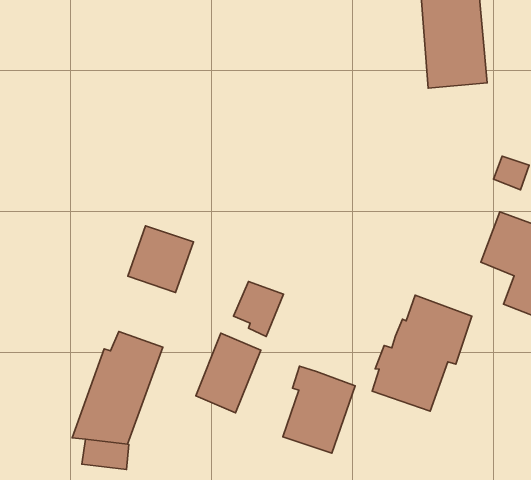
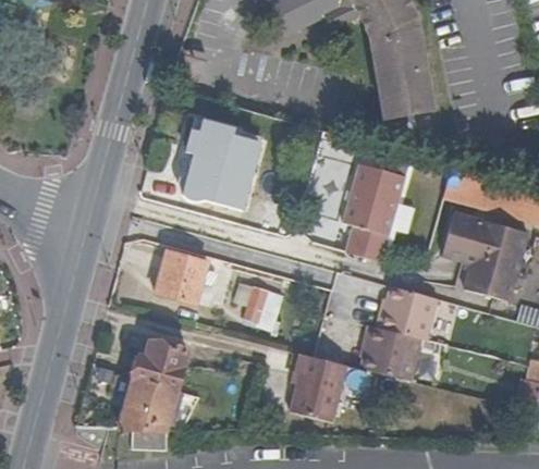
building: none -> [181,118,256,208]
building: none -> [343,163,404,262]
building: [196,333,261,413] -> none

